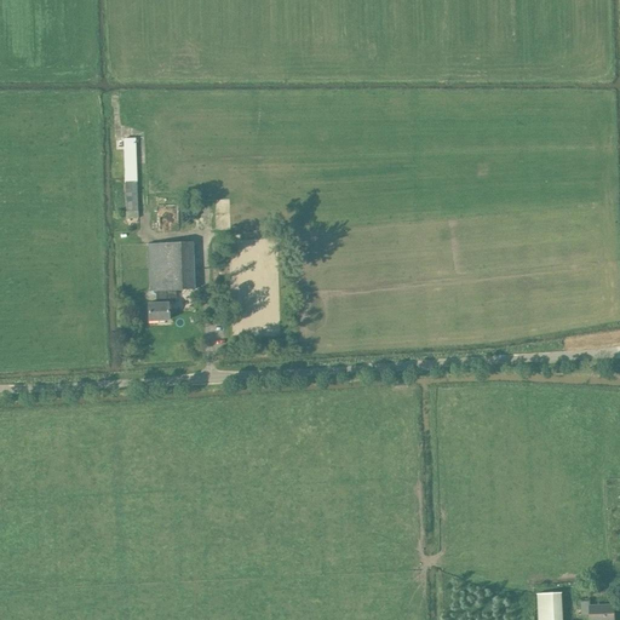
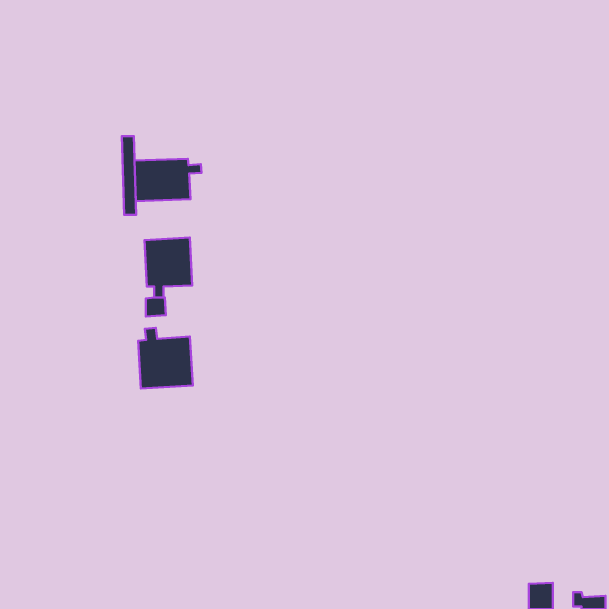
building: none -> [135,159,202,201]
building: none -> [138,328,193,389]

